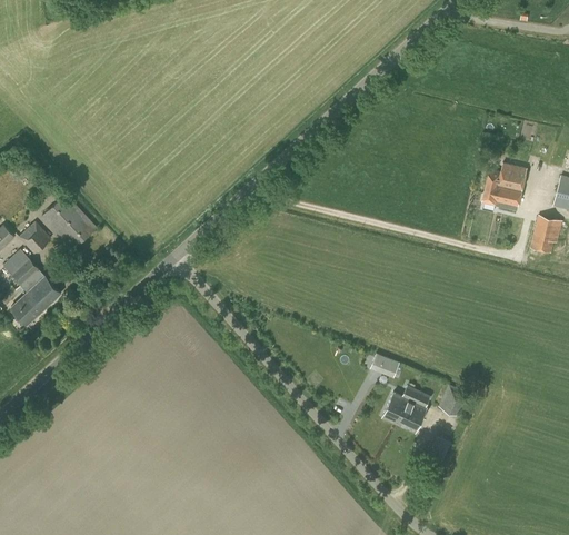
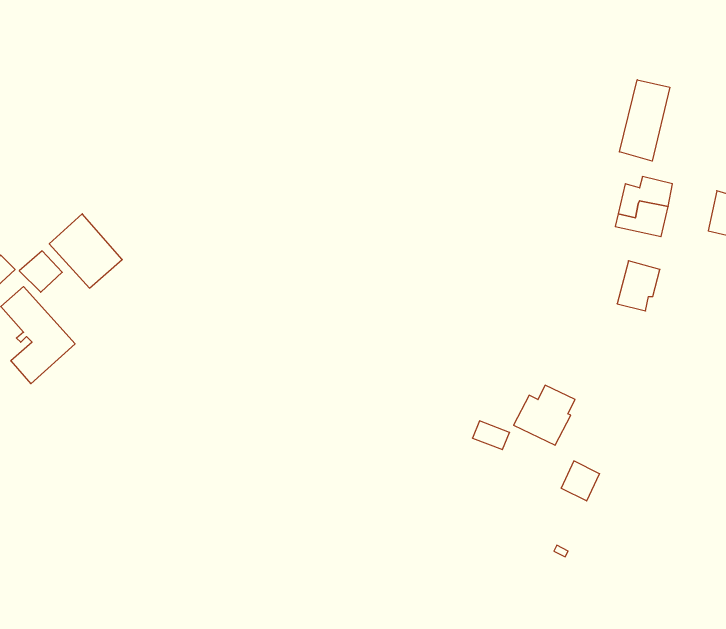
building: none -> [619,80,670,161]
building: [529,215,562,254] -> [617,261,660,311]
building: [382,385,430,432] -> [514,385,575,445]

